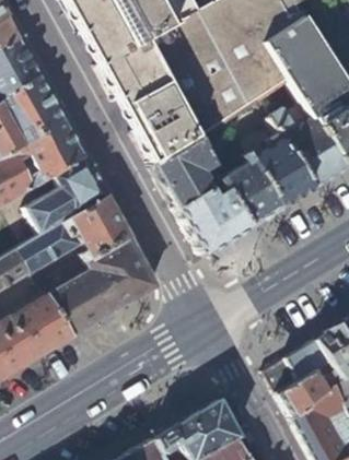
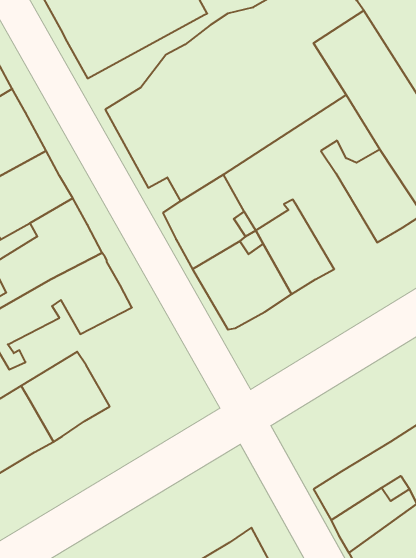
building: [97,20,188,90] -> none
building: [252,137,312,208] -> none
building: [84,236,156,309] -> none

